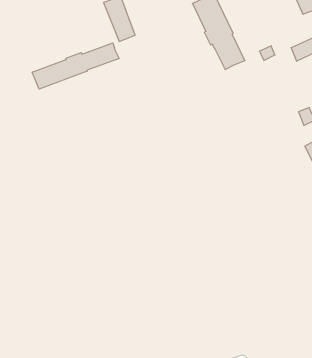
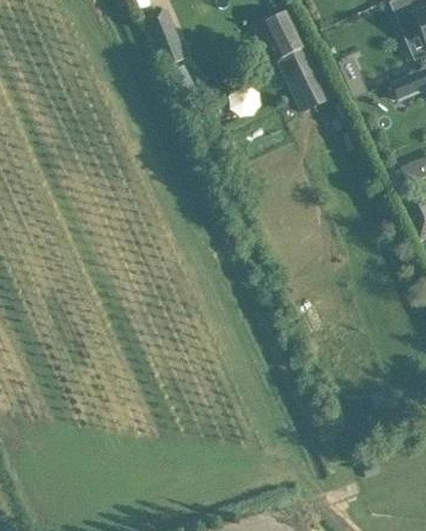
building: [32,43,119,89] -> none

